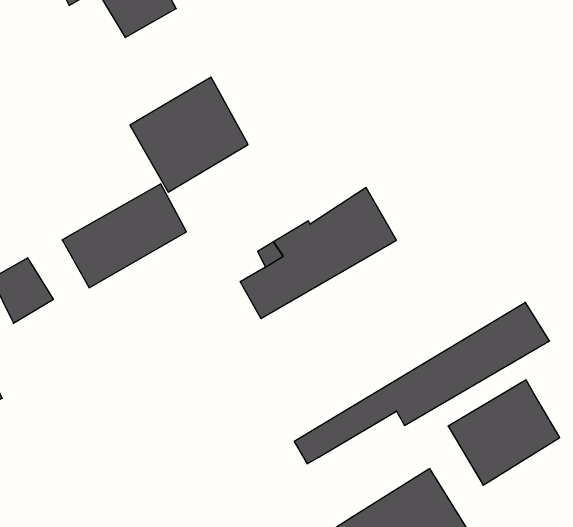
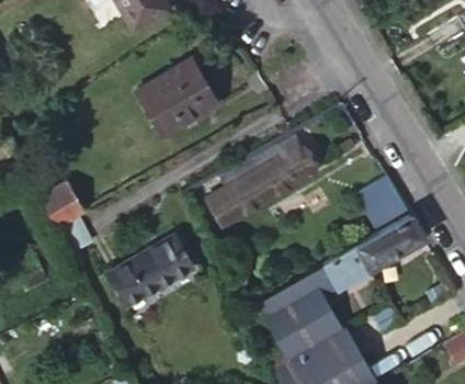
building: [62,184,186,288] -> [107,237,193,308]
building: none -> [352,176,406,229]
building: [448,380,560,485] -> [265,289,342,361]

